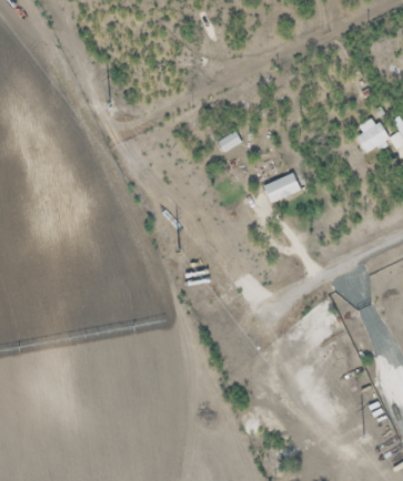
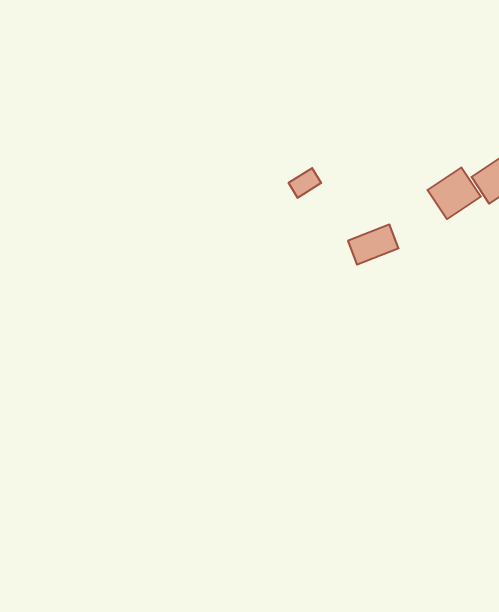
building: none -> [427,167,481,219]

